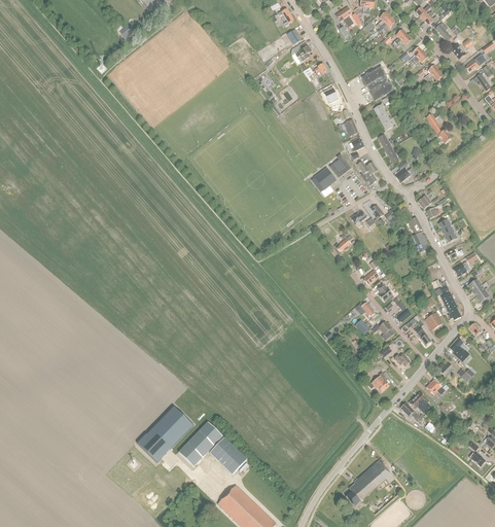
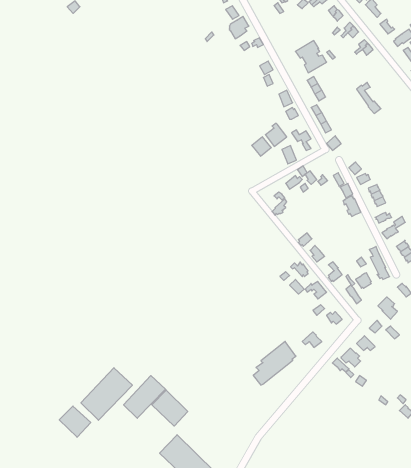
building: none -> [59,406,91,437]
building: [346,459,391,505] -> [253,341,296,385]

